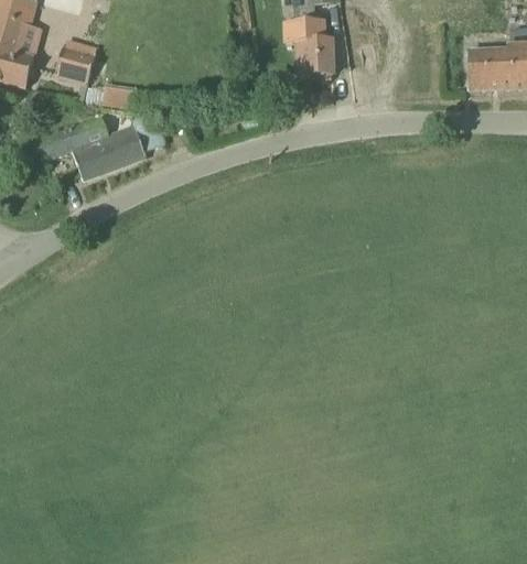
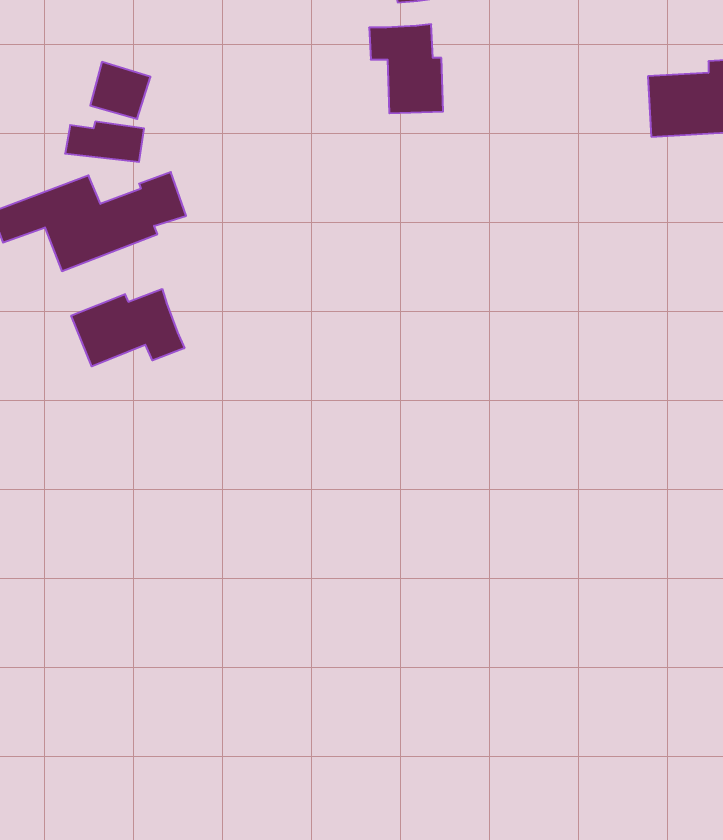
building: [55,46,95,84] -> [90,62,151,119]
building: none -> [71,289,184,366]

